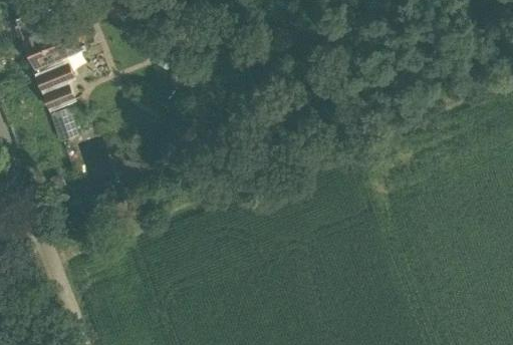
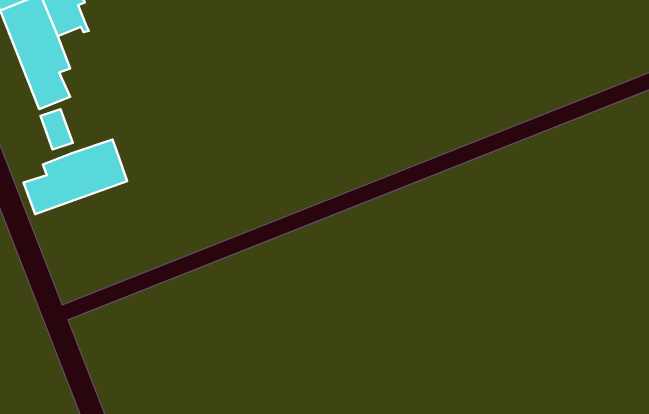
building: none -> [24,140,127,214]

